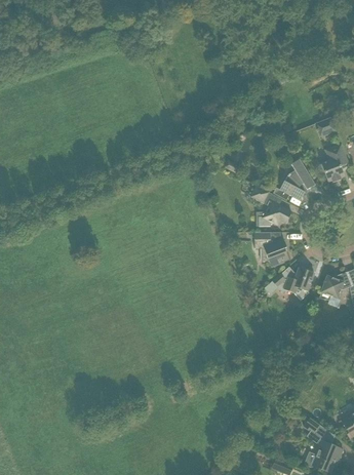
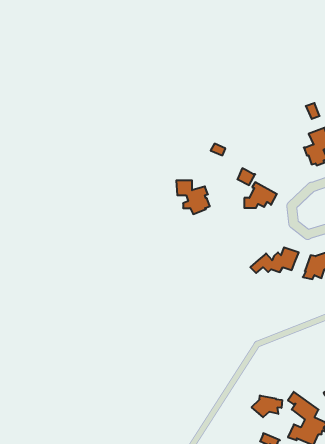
building: [279,158,315,200] -> none
building: [253,232,288,267] -> [176,180,210,214]
building: none -> [252,395,282,417]

